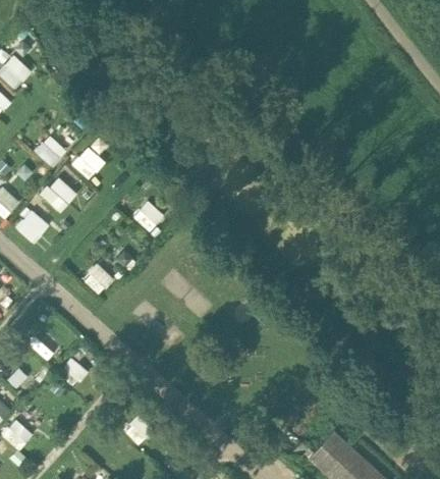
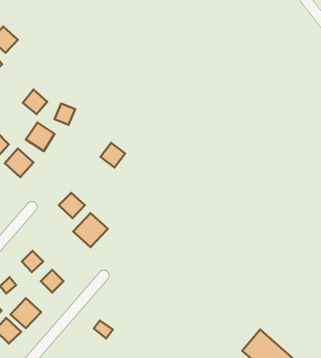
building: none -> [73,213,108,247]
building: none -> [10,298,41,328]

